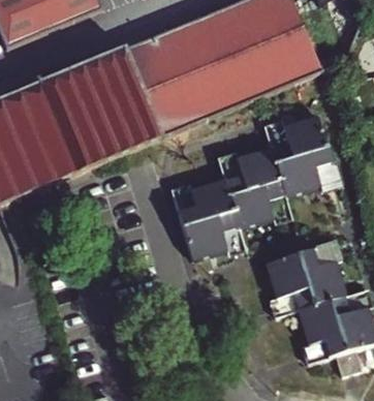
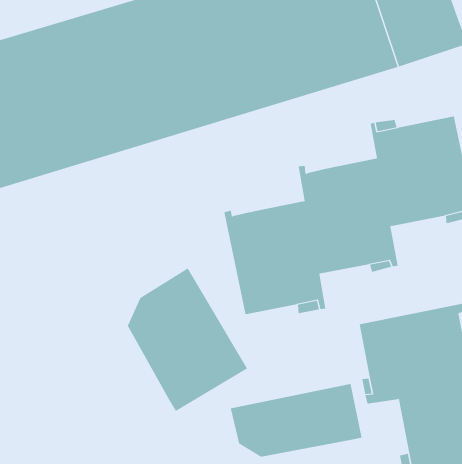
building: none -> [127,268,248,412]
building: none -> [230,383,362,457]

